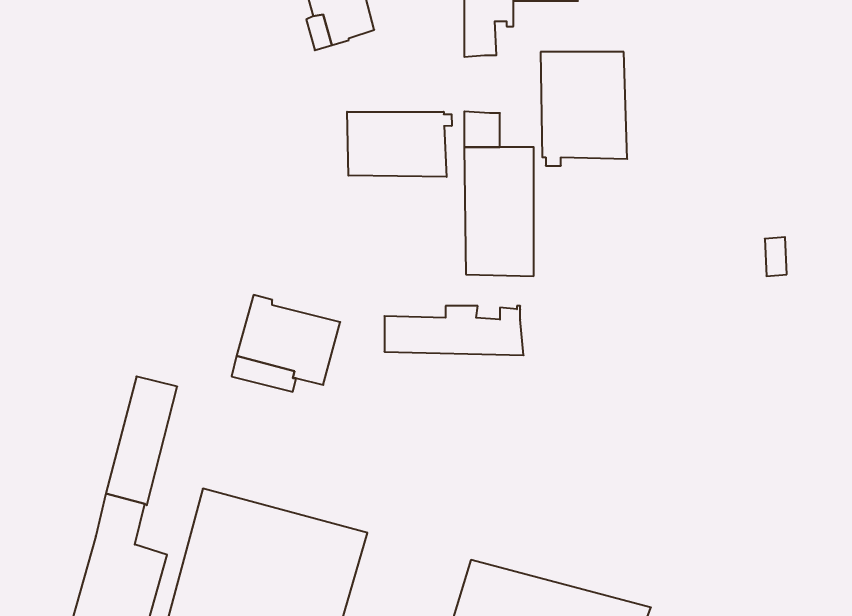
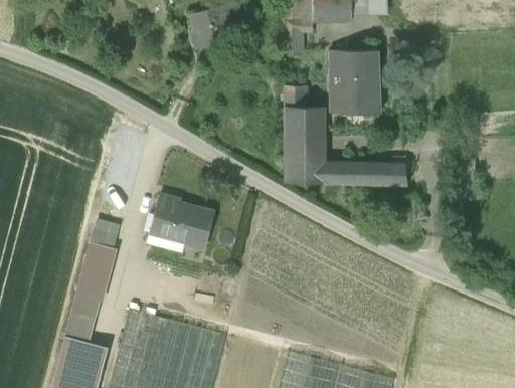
building: [347,112,452,177] -> none
building: [384,306,524,355] -> [325,158,407,187]
building: none -> [88,218,120,245]

